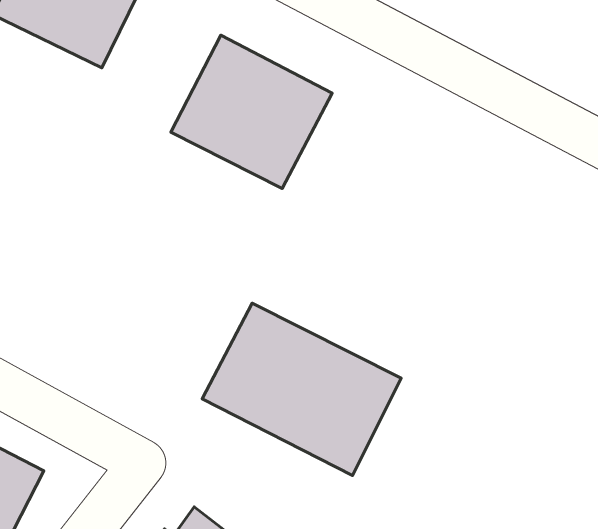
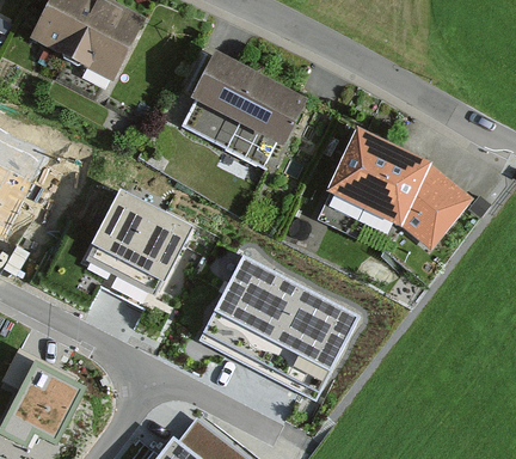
building: none -> [322,130,471,252]
building: none -> [88,192,189,293]

